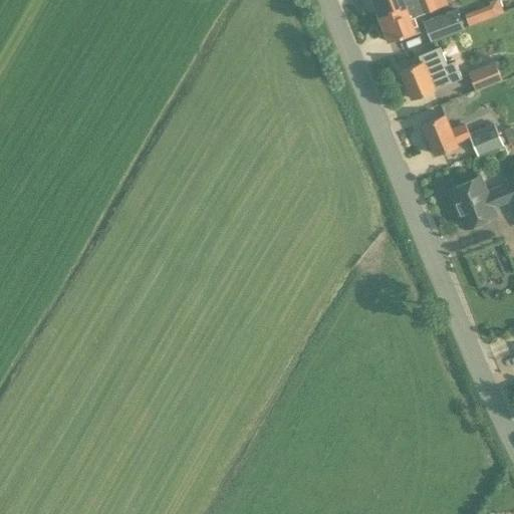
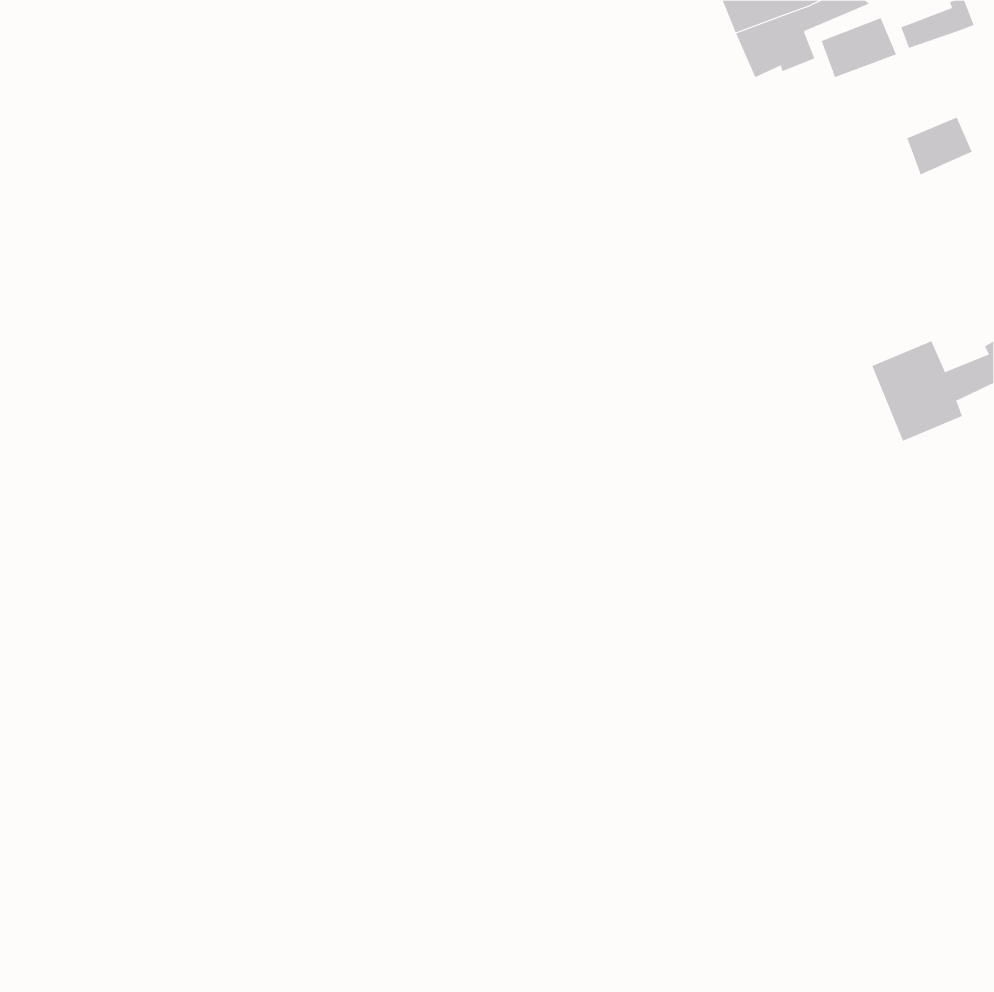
building: [401,47,462,100] -> none
building: [422,114,503,156] -> none

